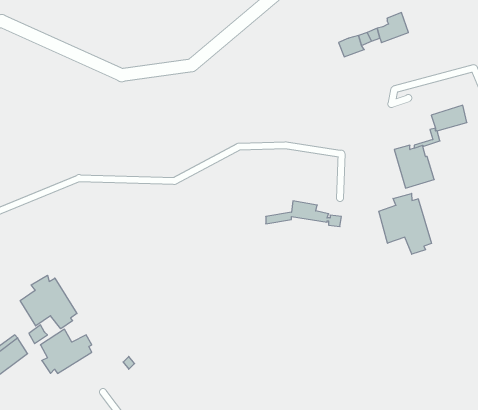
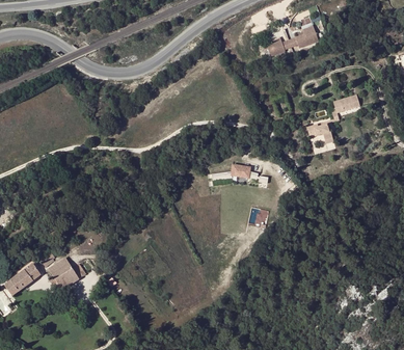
building: [379,193,431,254] -> none
building: [20,275,77,329] -> none

